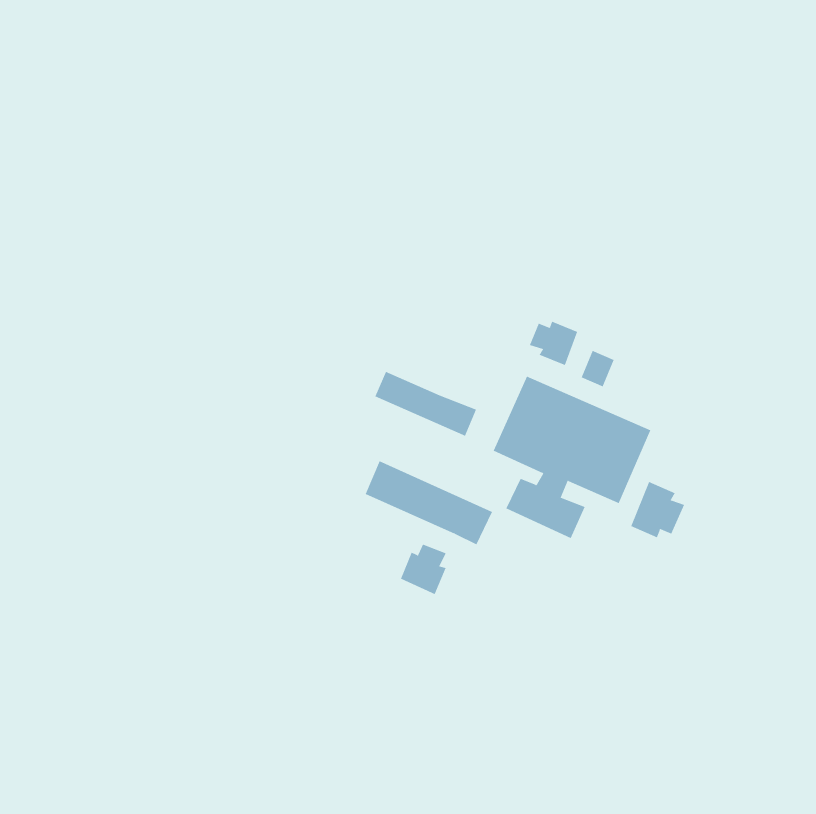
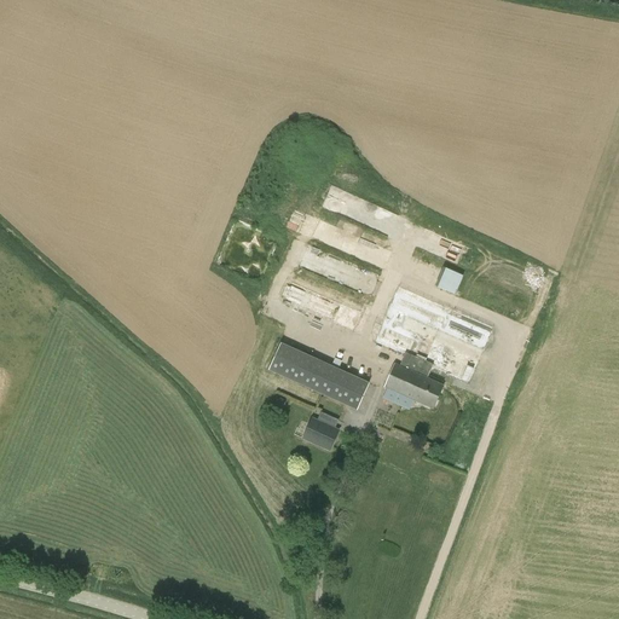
building: [529,321,578,366] -> none
building: [630,481,685,538] -> none

